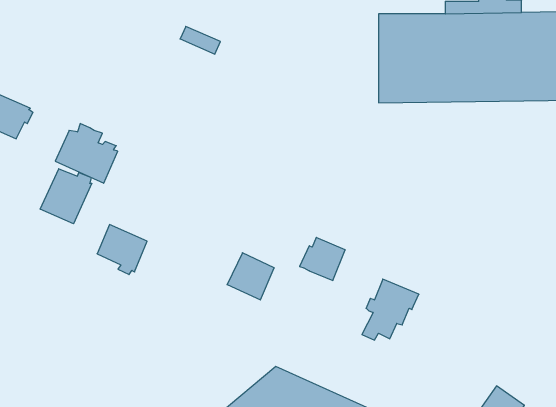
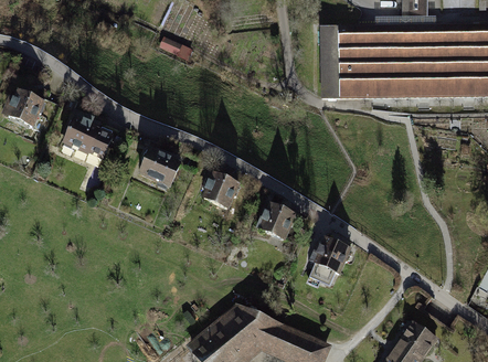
building: [40,169,92,224] -> none
building: [97,225,147,275] -> [140,150,180,190]
building: [227,253,274,300] -> [201,172,238,210]

